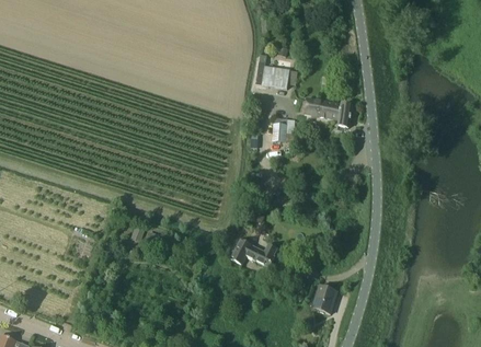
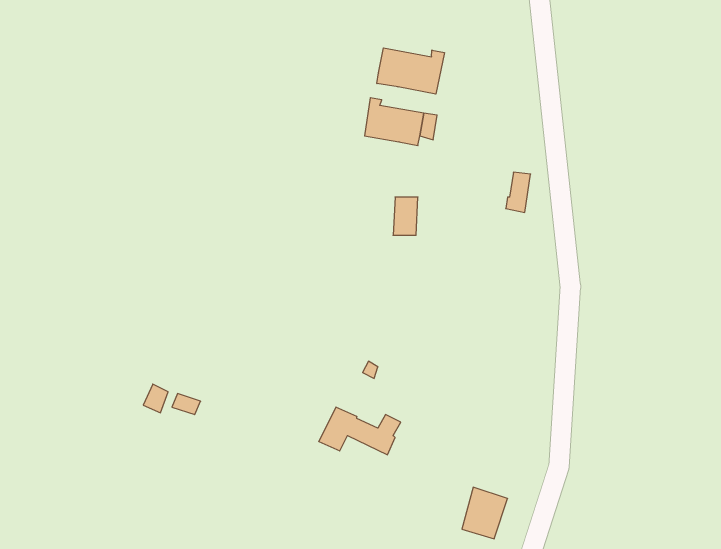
building: none -> [377,48,444,94]
building: [305,97,342,118] -> none

